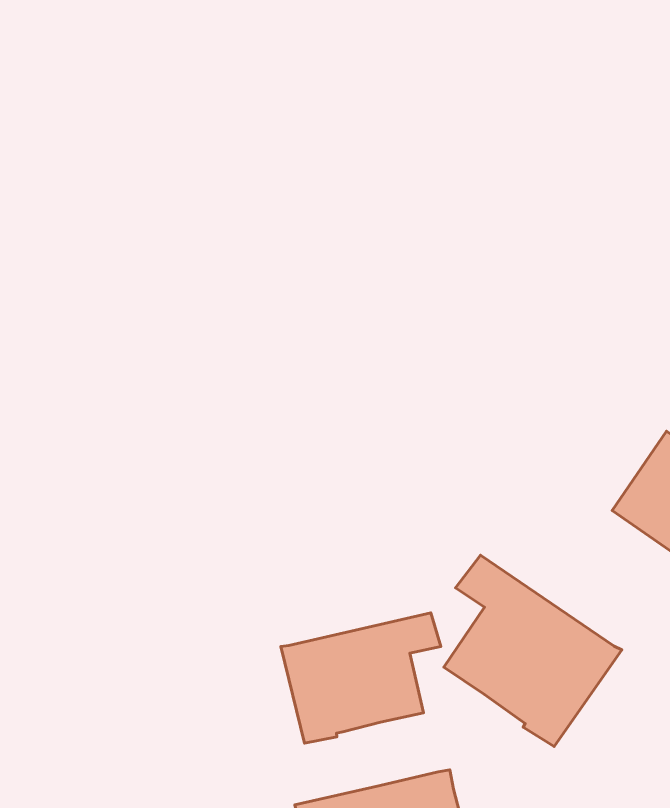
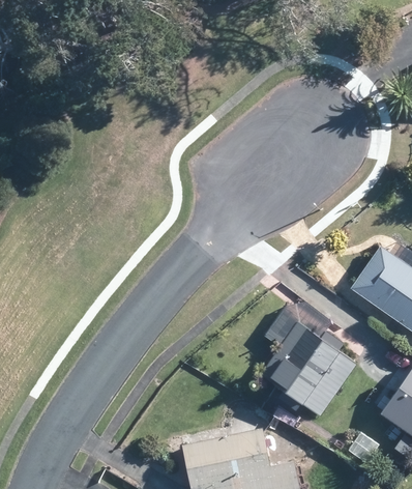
building: [281,613,441,743] -> none

